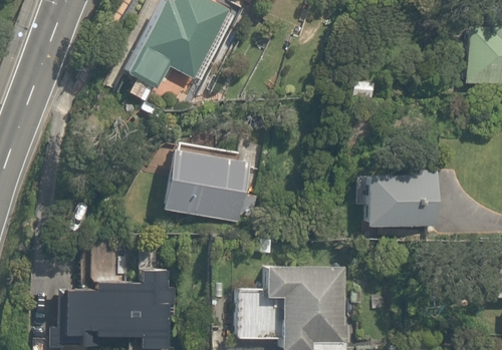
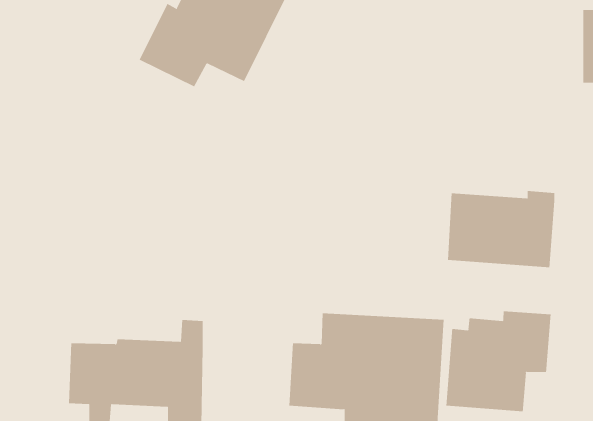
building: [157,146,259,227] -> none
building: none -> [446,310,551,412]

